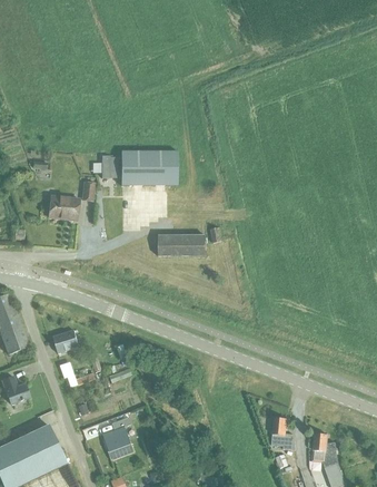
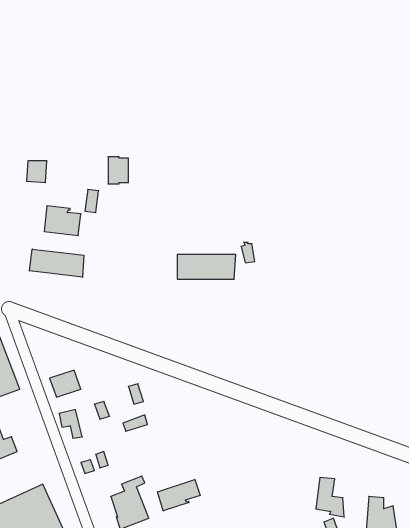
building: [120,150,176,185] -> none
building: none -> [30,249,84,277]
building: none -> [157,479,200,511]

